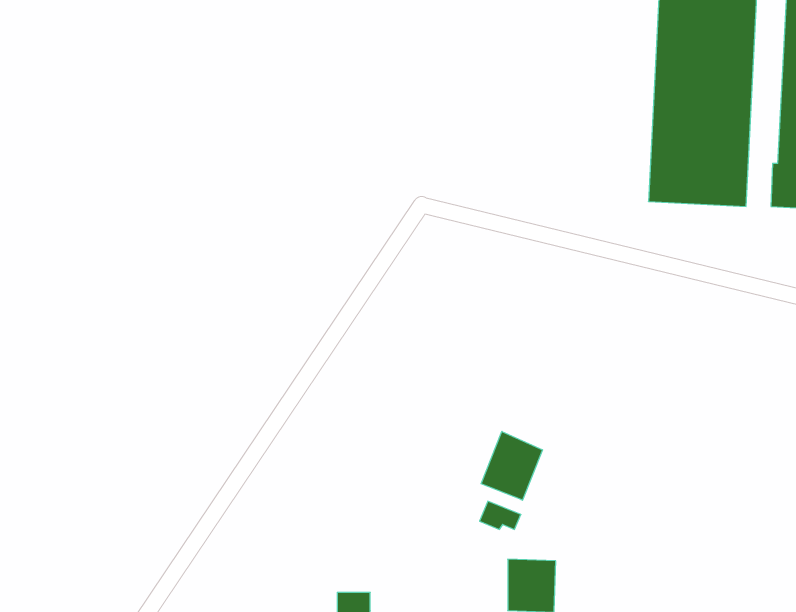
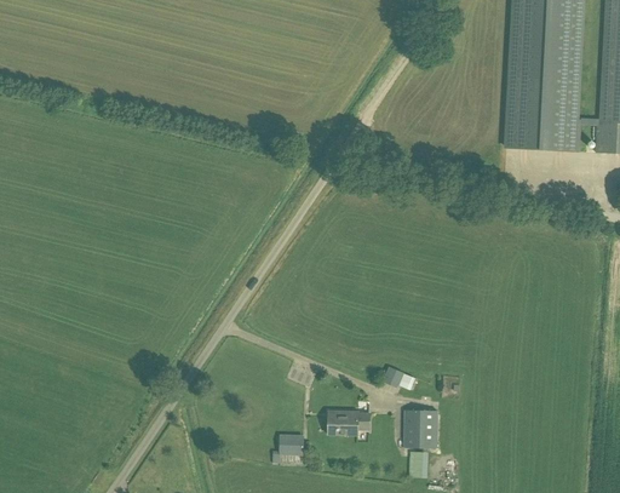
building: [481,431,542,500] -> none
building: none -> [326,411,367,435]

